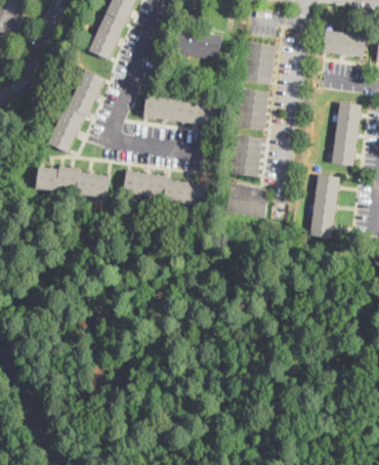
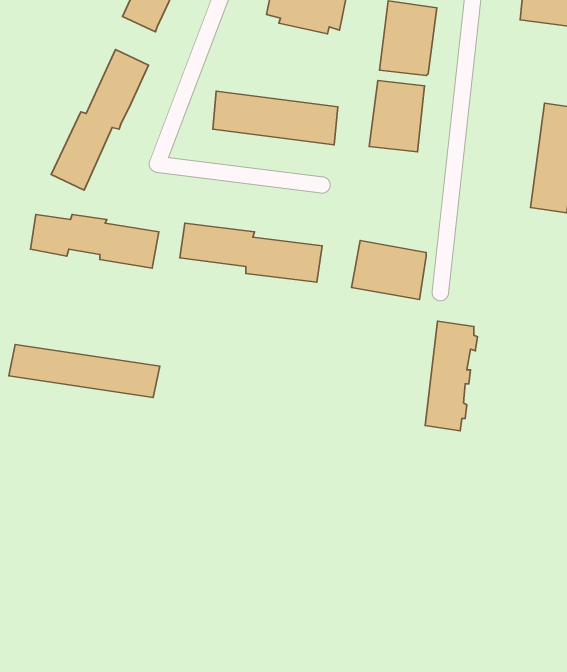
building: [227,134,262,177] -> none
building: [309,174,340,239] -> [425,321,477,431]
building: none -> [9,344,160,397]

